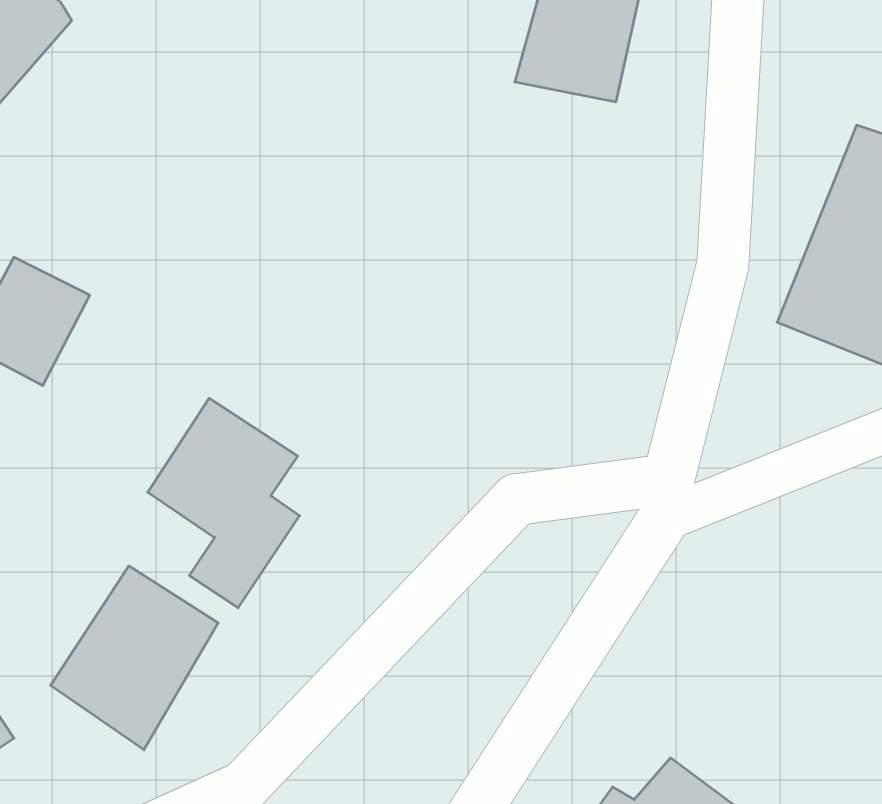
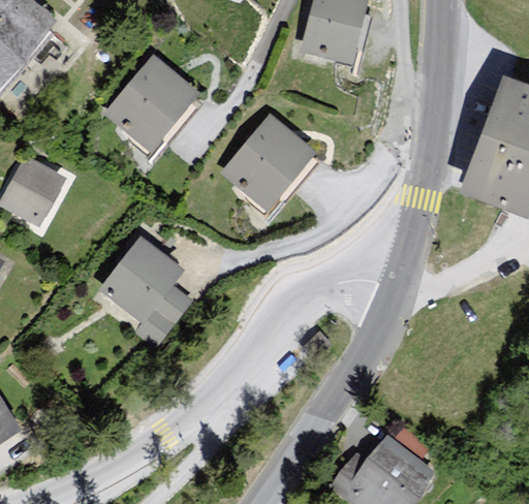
building: none -> [105,57,207,154]
building: none -> [223,116,323,210]
building: [51,566,218,750] -> none

